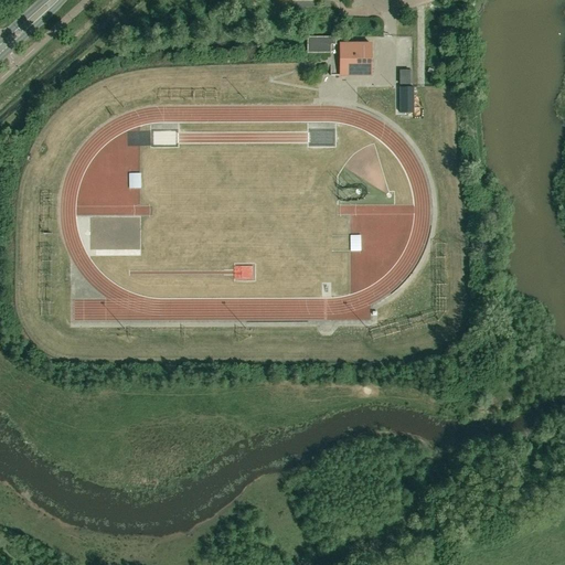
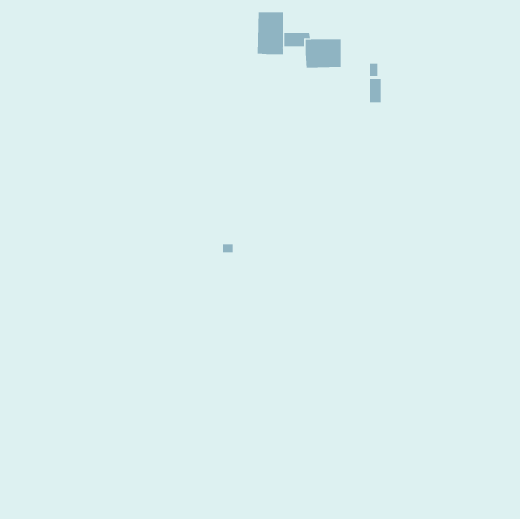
building: none -> [257,11,283,55]

